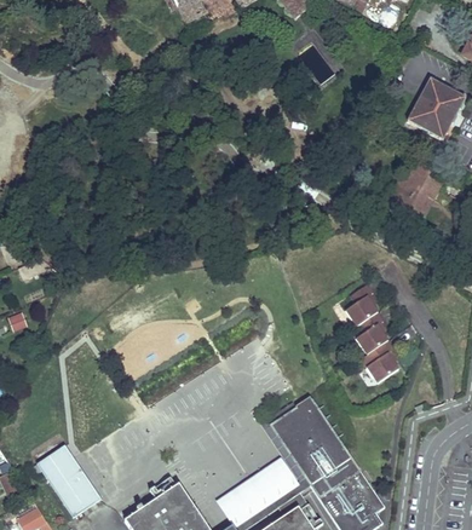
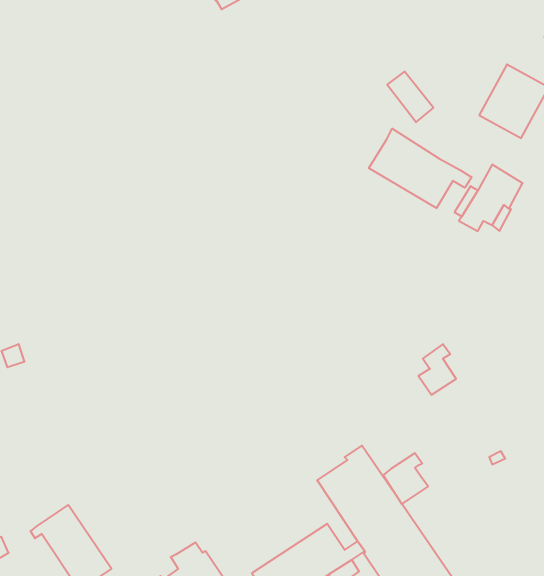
building: [297,40,335,82] -> [387,72,433,122]
building: none -> [369,129,472,208]
building: [345,283,376,326] -> none
building: [361,340,398,382] -> [383,453,428,504]

